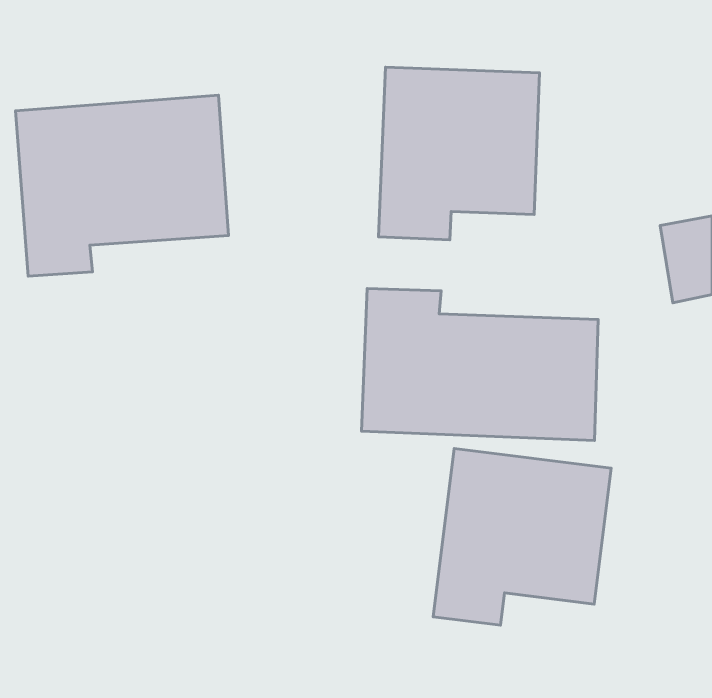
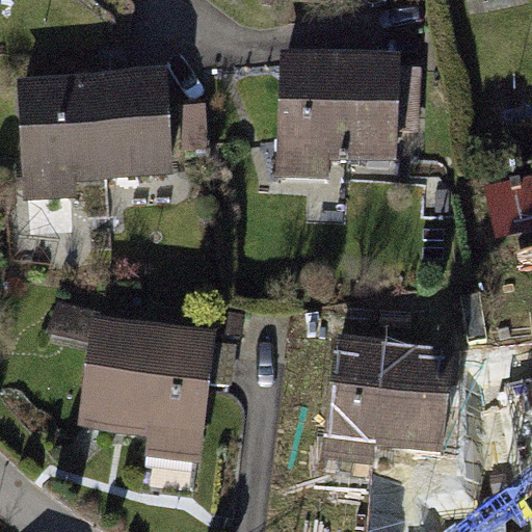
building: [361,288,598,440] -> none
building: none -> [82,321,213,460]

